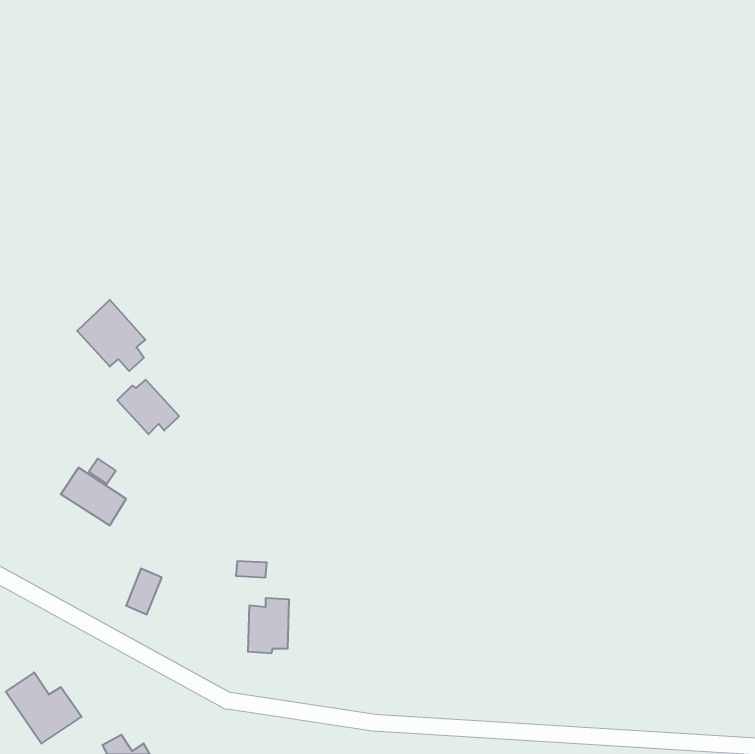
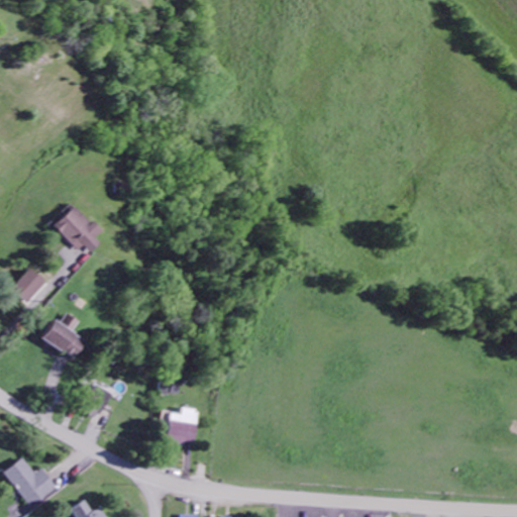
building: [117,380,179,434] -> none
building: none -> [13,270,45,303]

